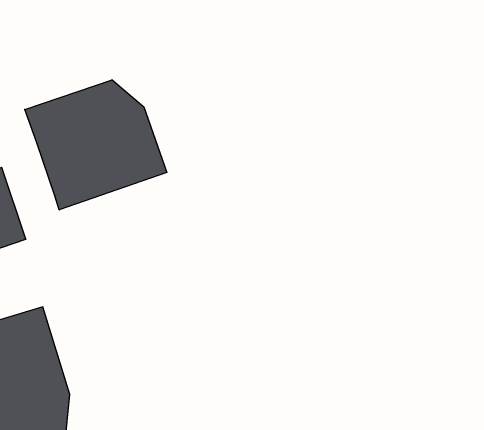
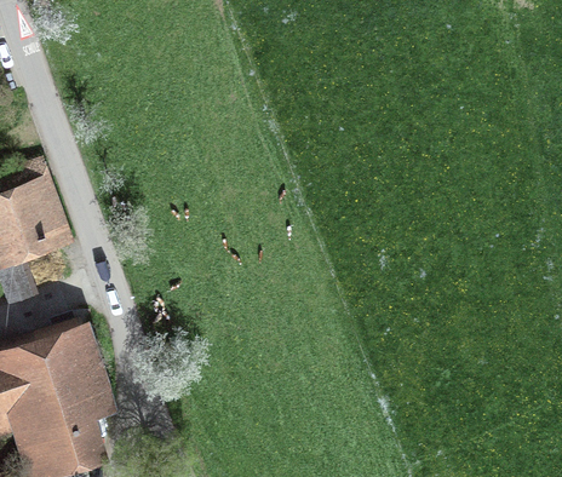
building: [25,80,167,210] -> none

